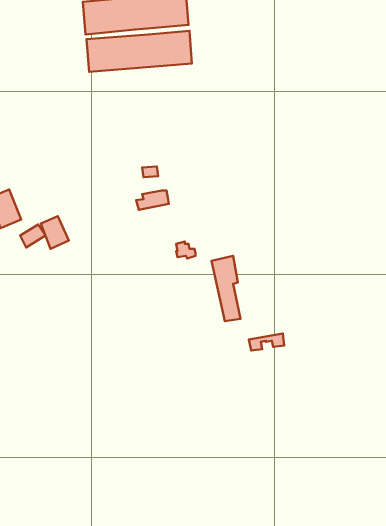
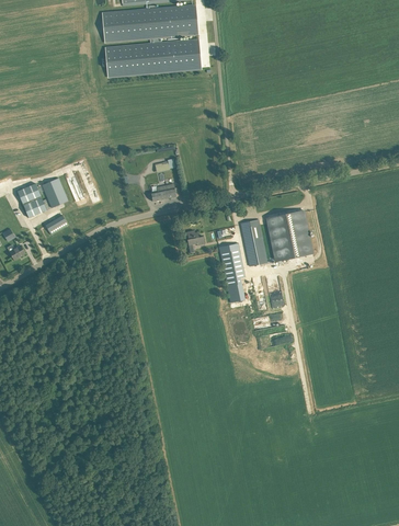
building: [41,216,69,249] -> [42,179,67,208]
building: none -> [266,210,311,261]
building: none -> [240,220,266,266]

